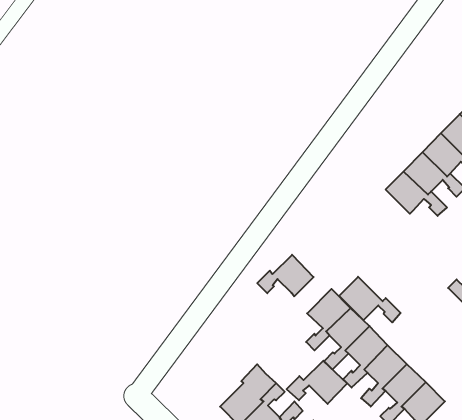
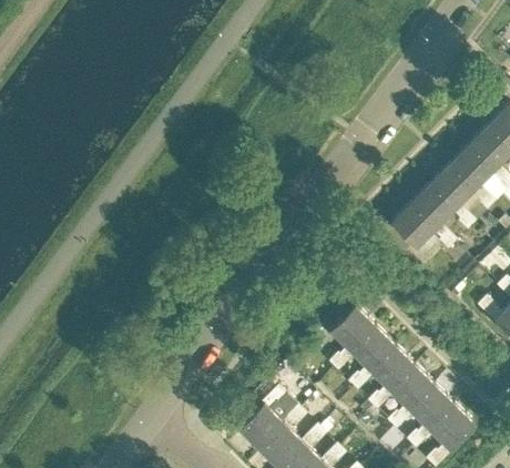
building: [257,255,314,296] -> none
building: [339,277,401,322] -> [392,203,457,251]
building: [287,361,347,404] -> none

